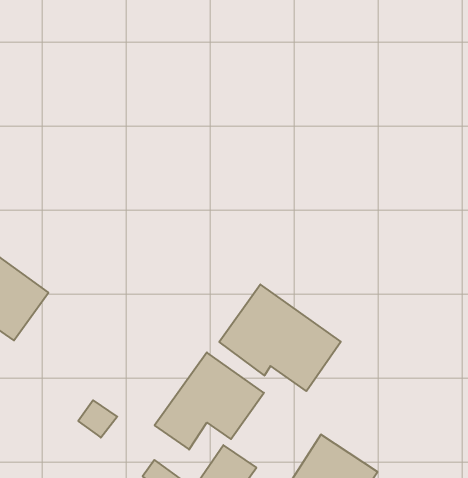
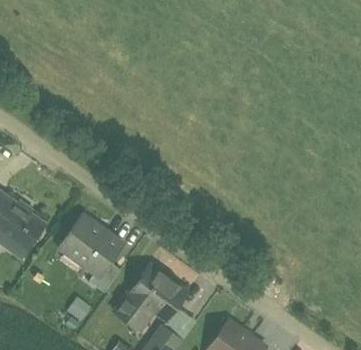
building: none -> [56,216,122,279]
building: [219,284,341,391] -> none

